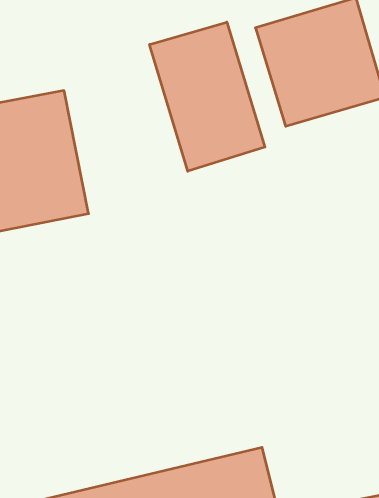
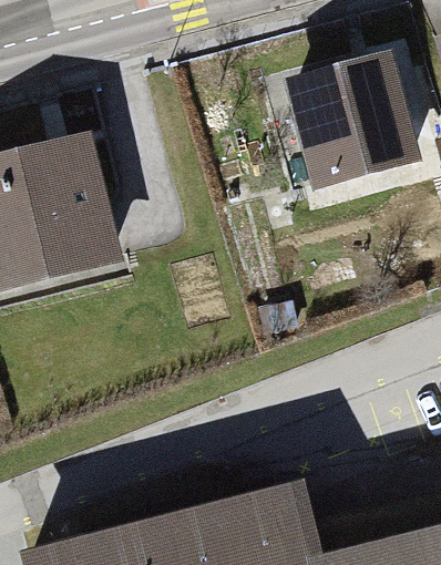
building: [150,22,265,171] -> none

